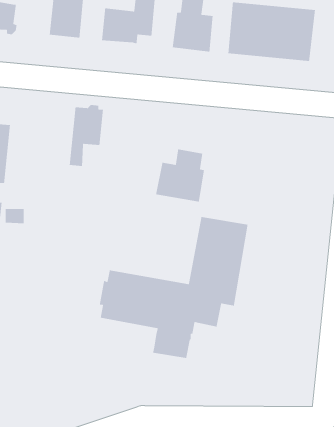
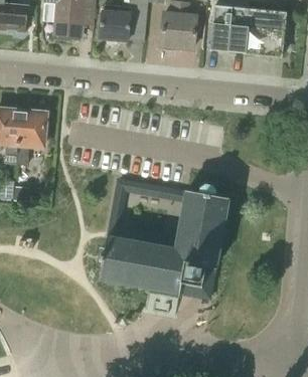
building: [69,104,104,167] -> [16,109,46,163]
building: [155,149,205,202] -> none

